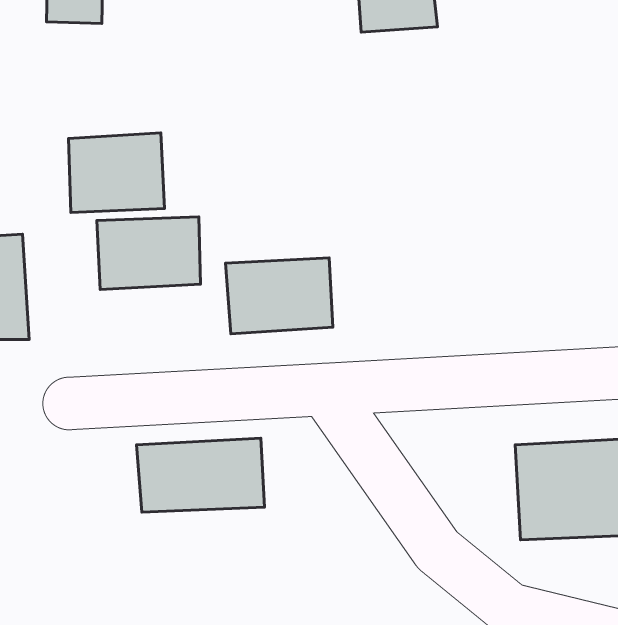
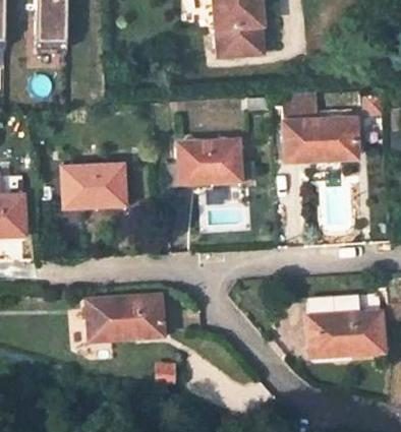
building: none -> [283,92,357,161]
building: [69,133,164,213] -> none
building: [226,258,333,334] -> [178,138,241,183]

